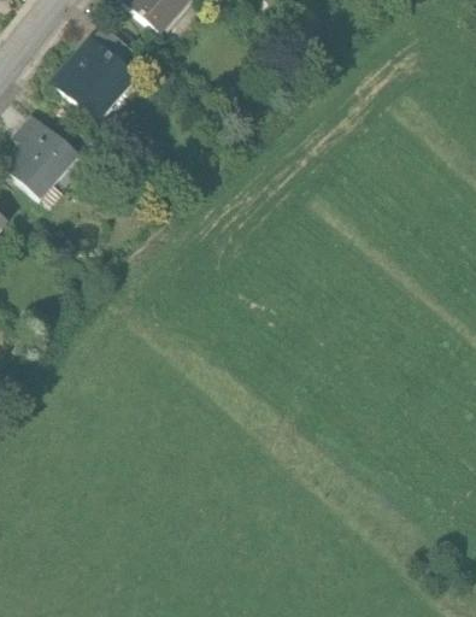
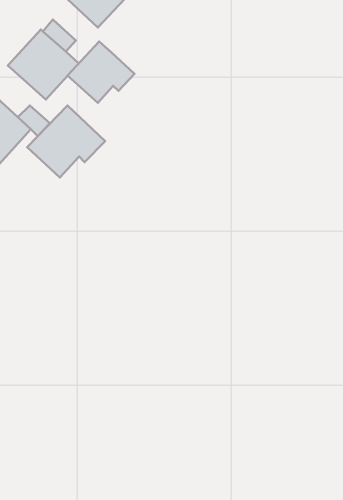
building: none -> [68,41,135,103]
building: none -> [27,105,105,177]

